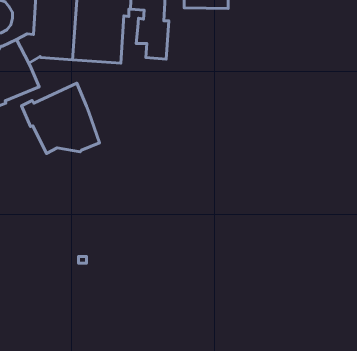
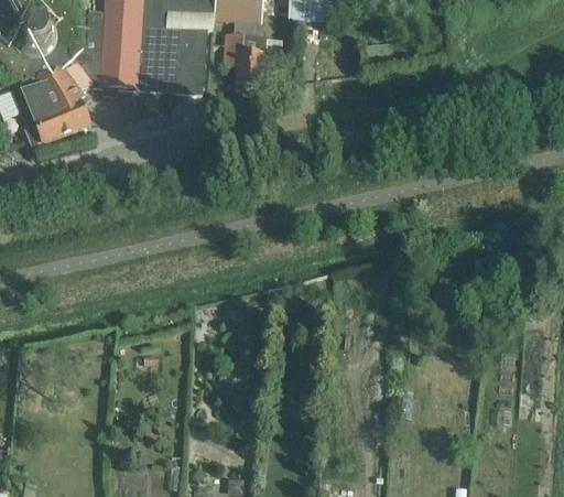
building: [21,83,100,153] -> none

